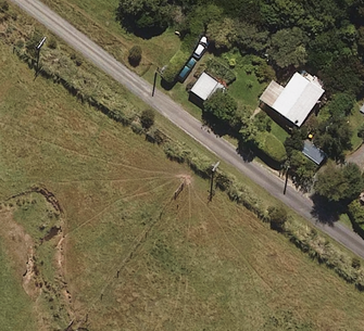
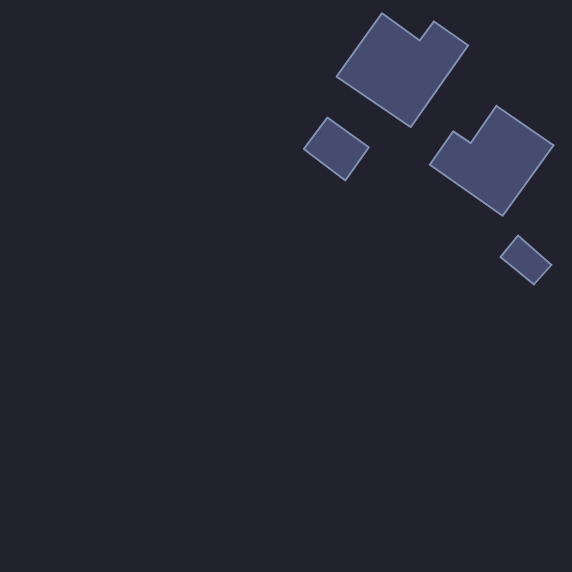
building: none -> [337,13,468,127]

